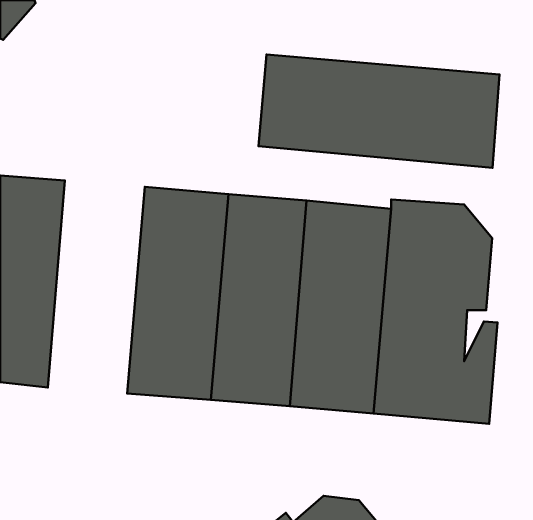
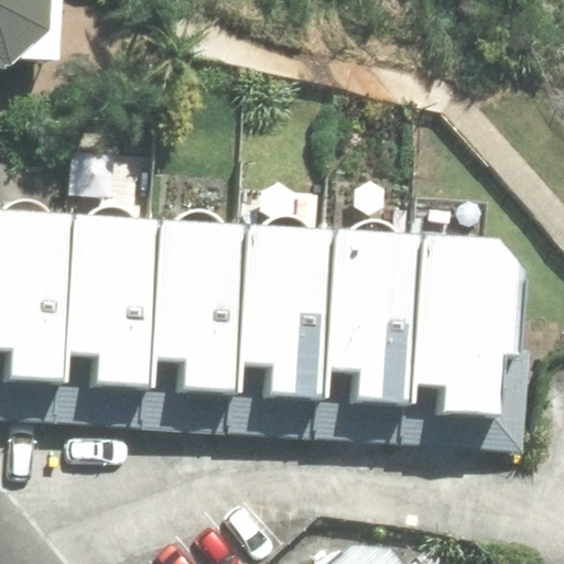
building: [259,54,499,168] -> none
building: none -> [51,205,153,430]

